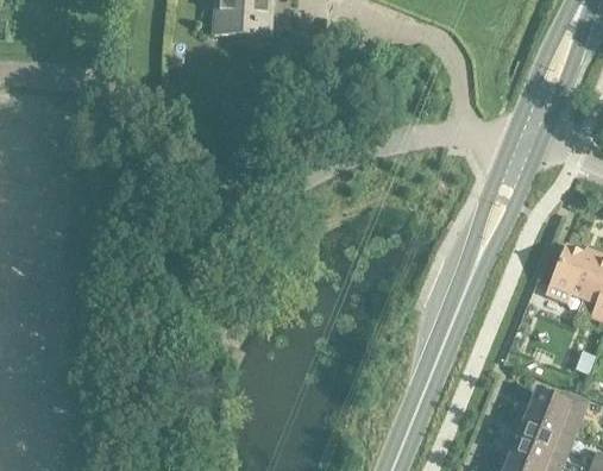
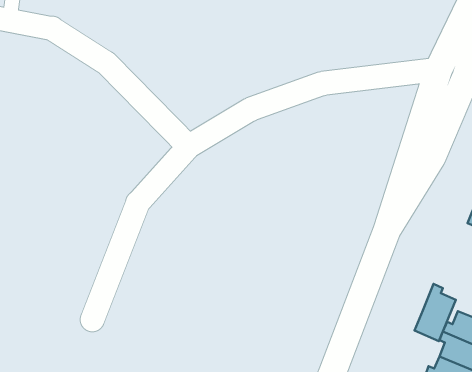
building: none -> [414,284,456,341]

